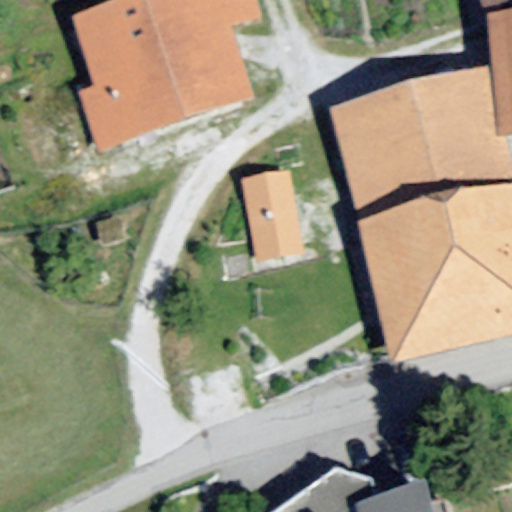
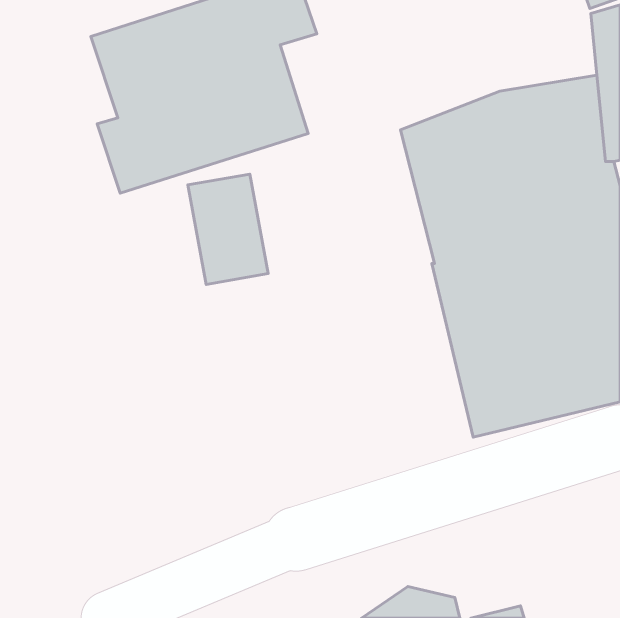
building: [245,166,311,257] -> [188,174,268,285]

